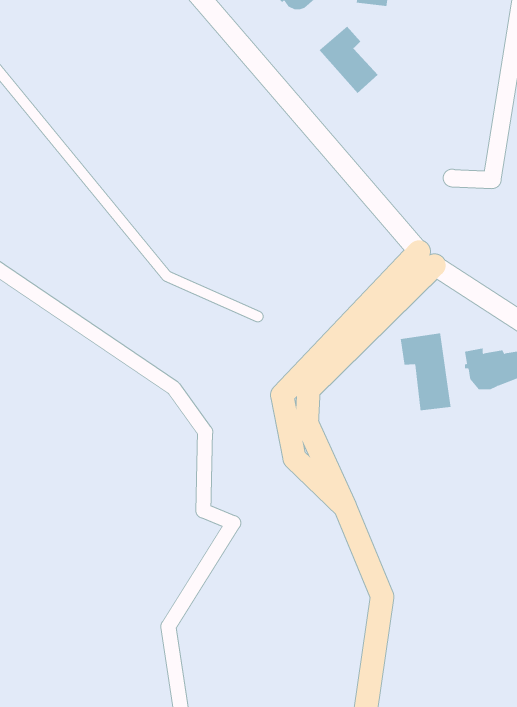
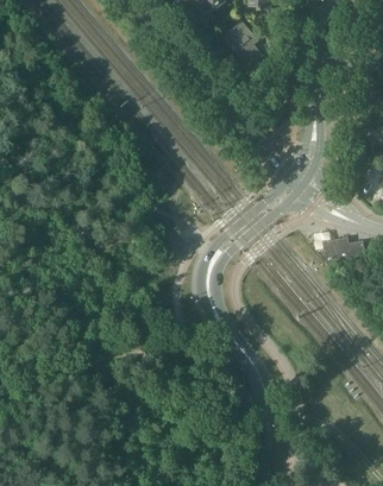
building: [400,333,451,411] -> none

